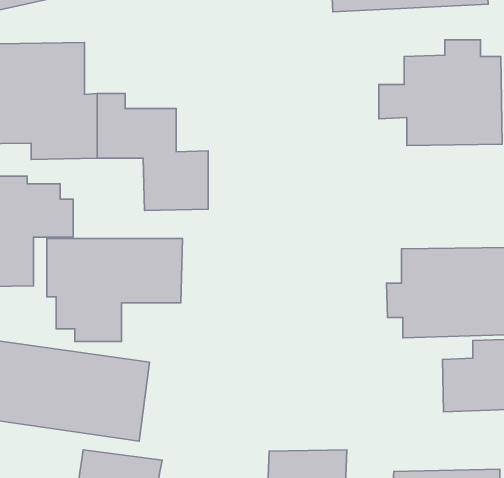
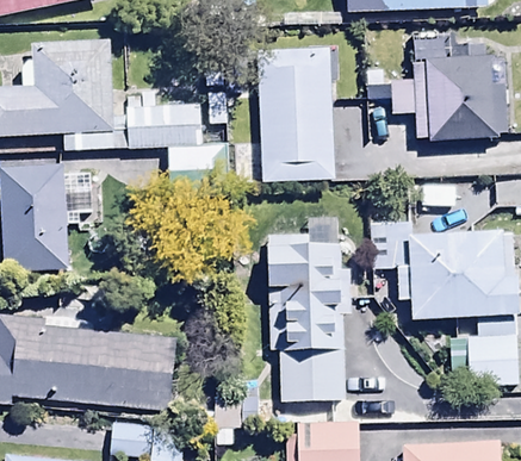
building: none -> [255,21,339,161]
building: none -> [268,217,347,399]
building: [47,238,182,341] -> none

